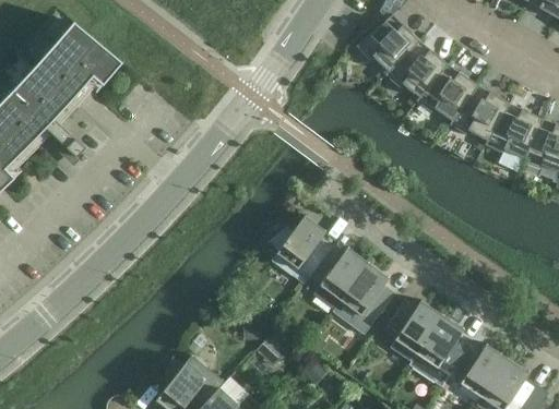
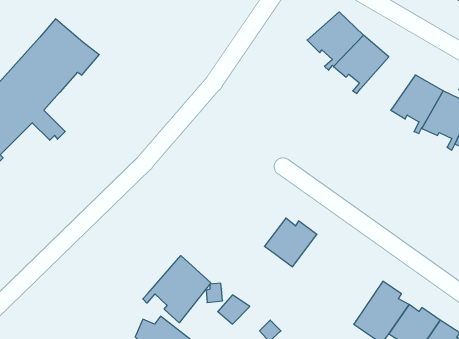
building: [416,64,477,130] -> none
building: [269,217,332,284] -> none
building: [332,264,395,334] -> none
building: none -> [143,256,211,323]
building: [383,299,441,361] -> none

